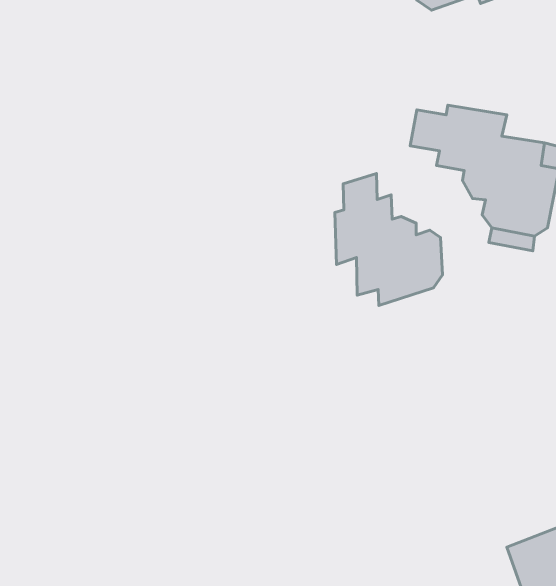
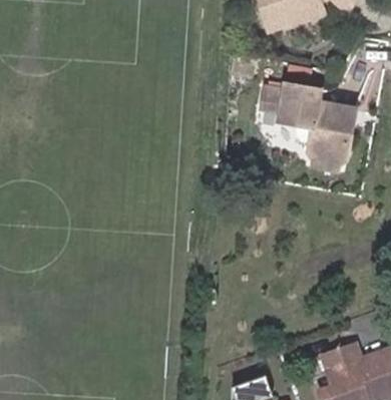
building: [335,173,443,305] -> none

